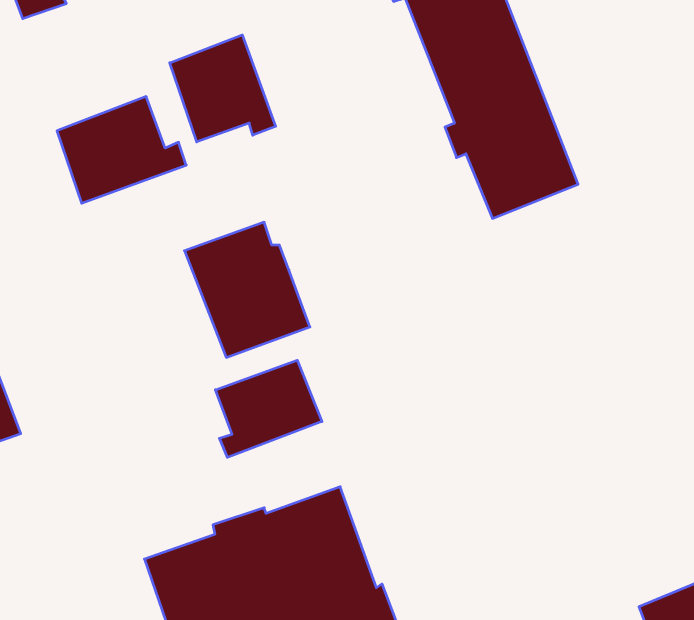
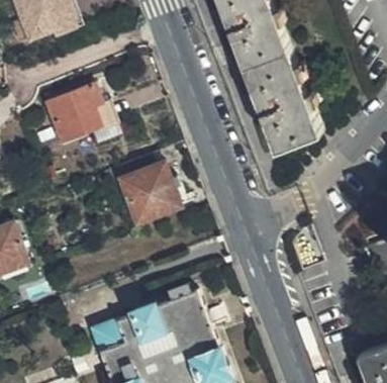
building: [170,35,276,142] -> none
building: [215,360,322,457] -> none

